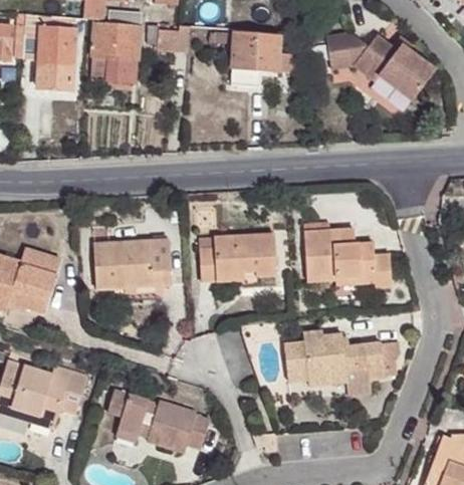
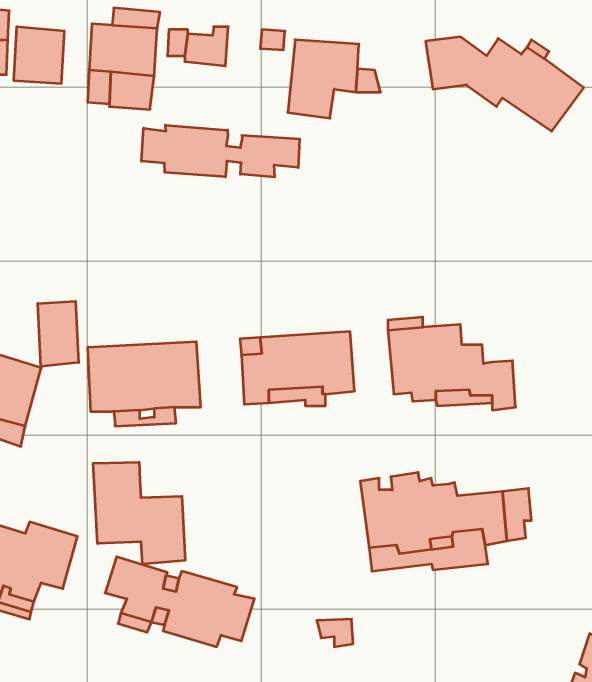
building: [40,59,74,85] -> none
building: none -> [142,125,300,177]
building: none -> [38,301,79,366]
building: none -> [93,462,185,564]

